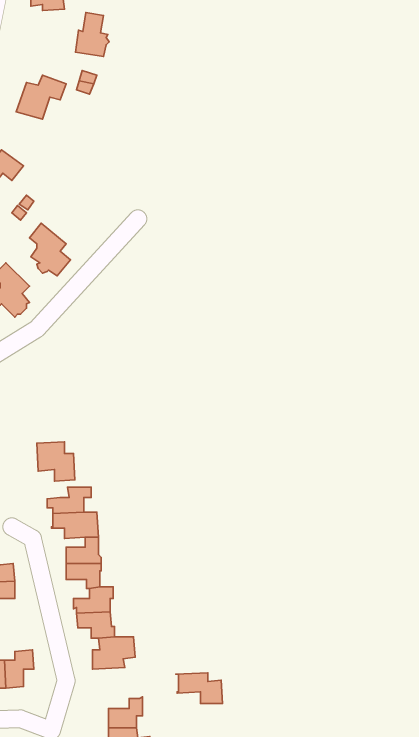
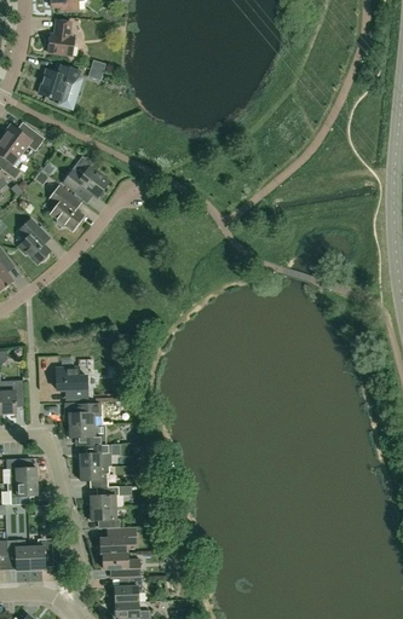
building: [75,12,109,56] -> [48,19,76,56]
building: none -> [63,167,109,197]
building: [176,673,223,704] -> [102,553,140,578]

